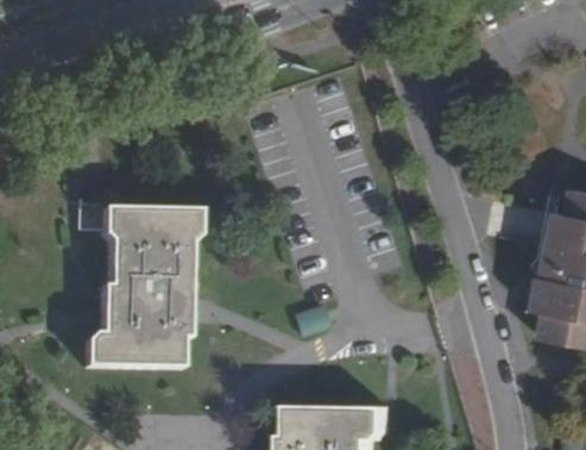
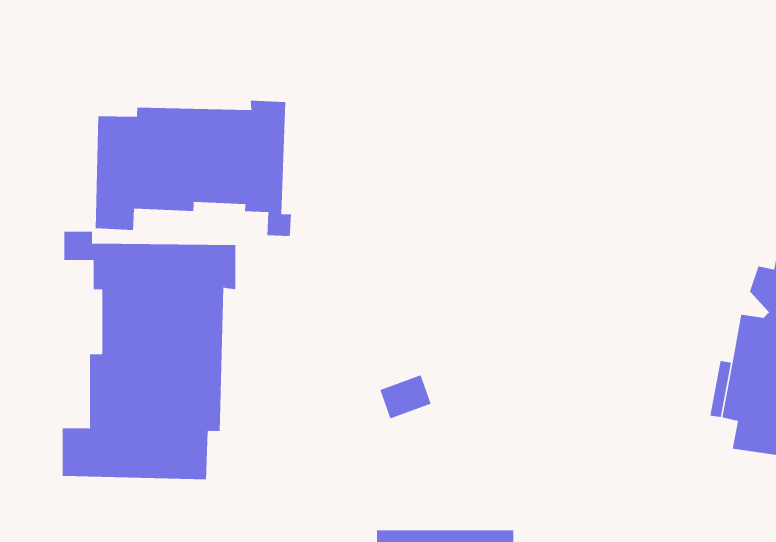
building: none -> [95,100,291,237]

